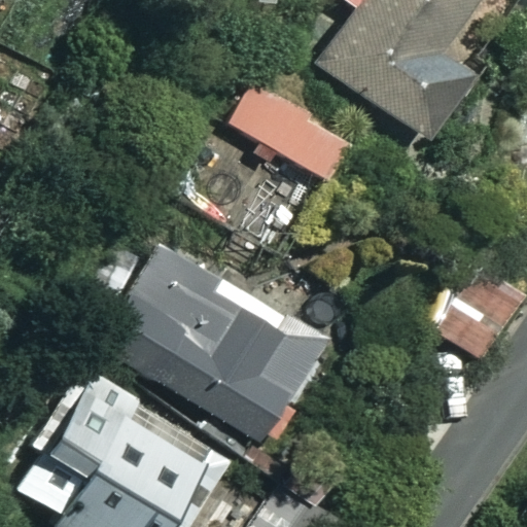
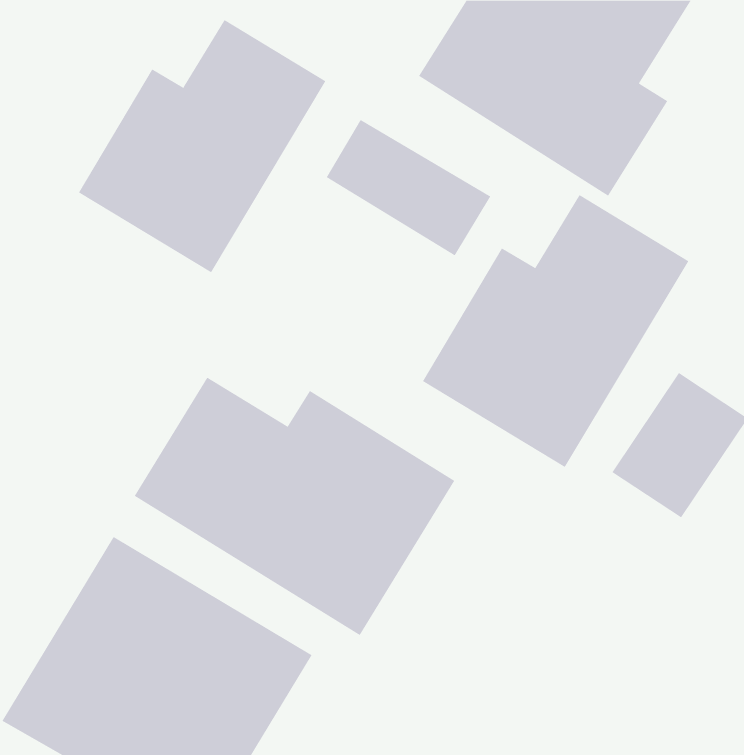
building: none -> [78,19,326,273]
building: none -> [422,194,689,468]

